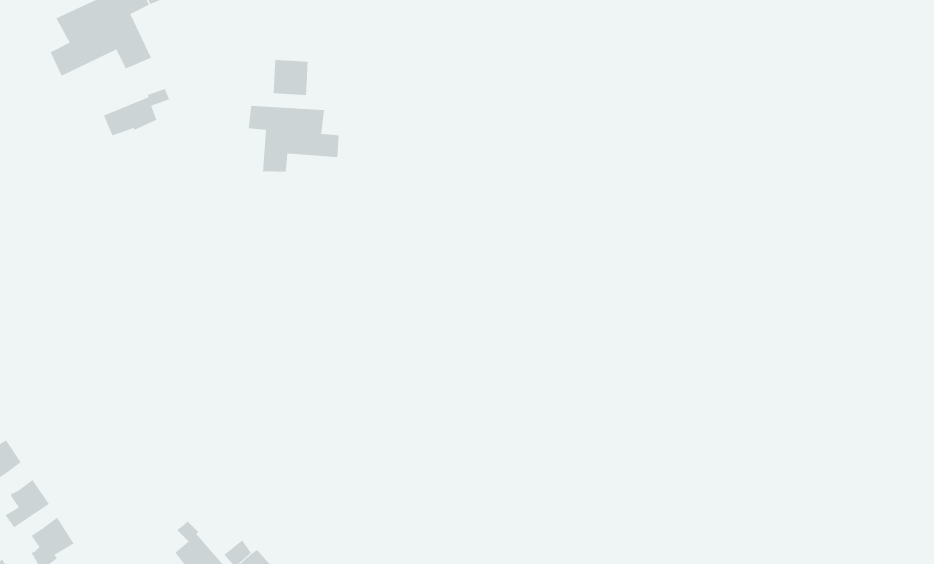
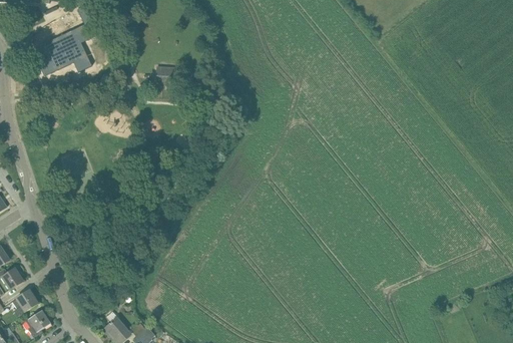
building: [103,88,170,136] -> none
building: [248,105,339,172] -> none

